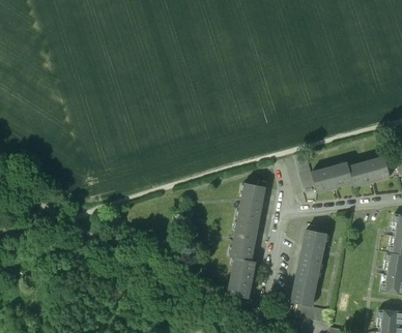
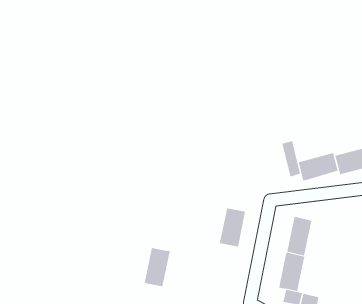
building: [237,183,265,224] -> none
building: [228,258,256,298] -> [144,247,171,287]

